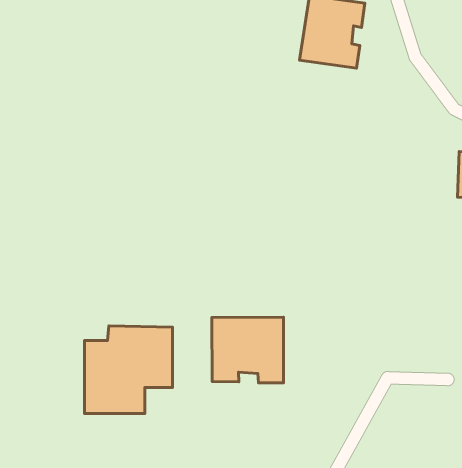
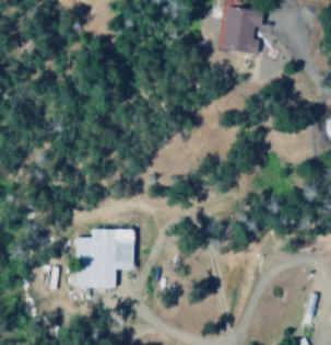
building: [212,317,283,383] -> none

